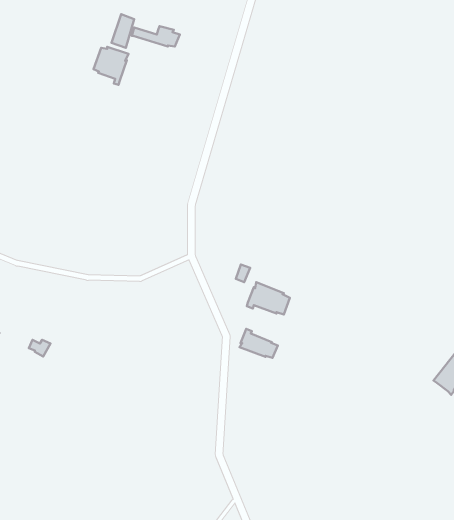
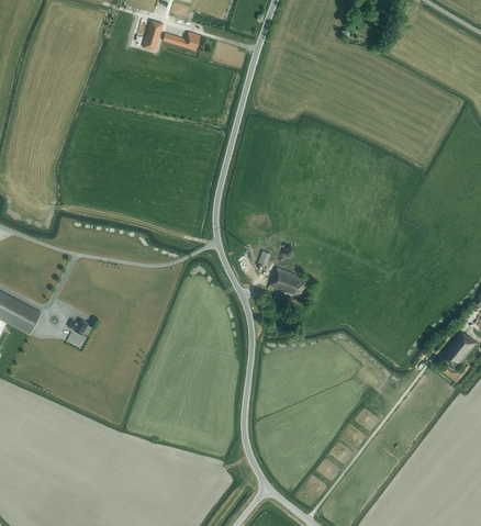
building: [94,47,128,85] -> none
building: [240,329,278,358] -> none

